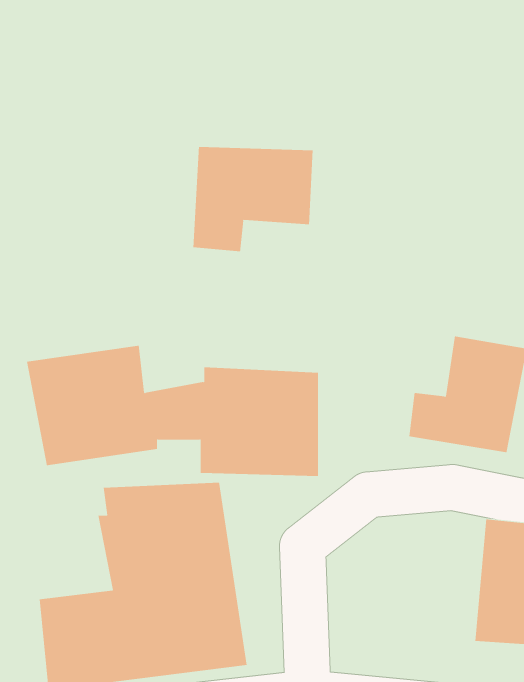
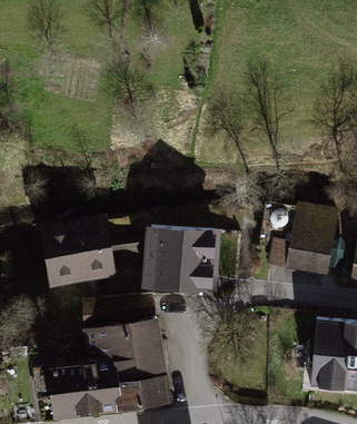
building: [193,146,313,252] -> none

